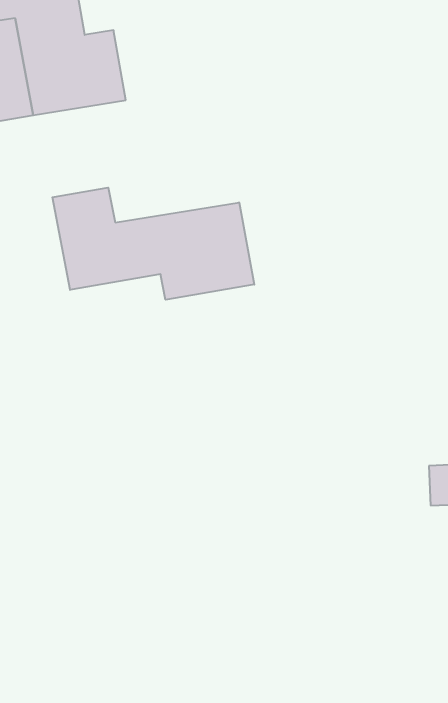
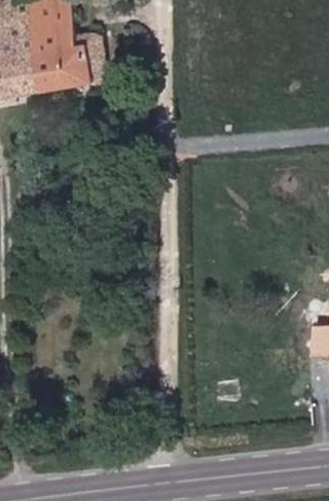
building: [52,188,254,300] -> none

